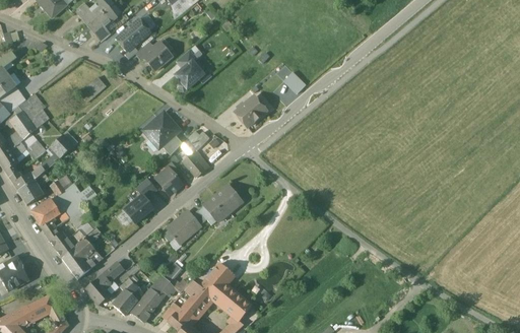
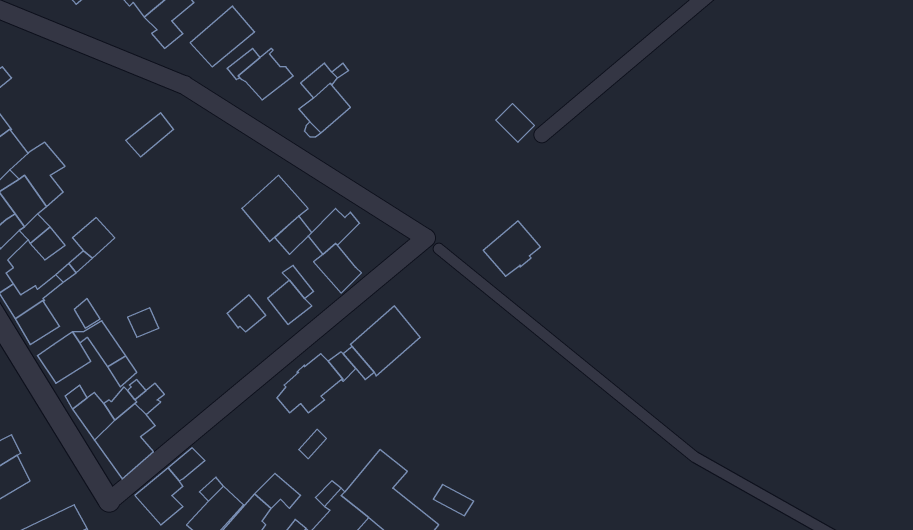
building: [235,95,266,126] -> [483,221,540,276]
building: [124,195,152,222] -> none

